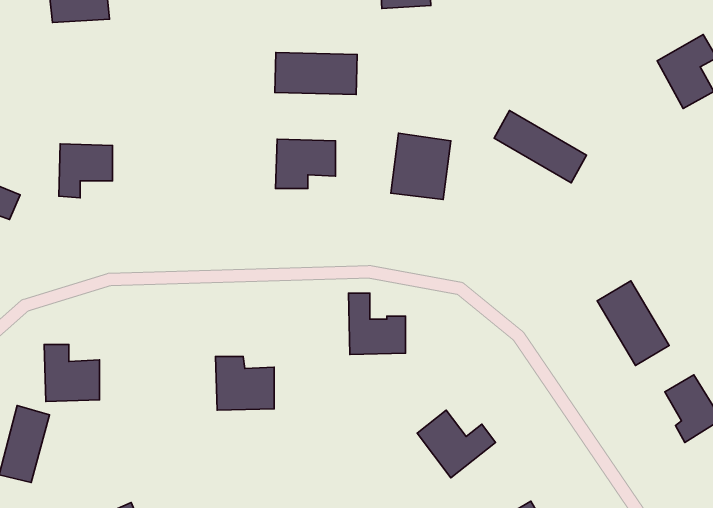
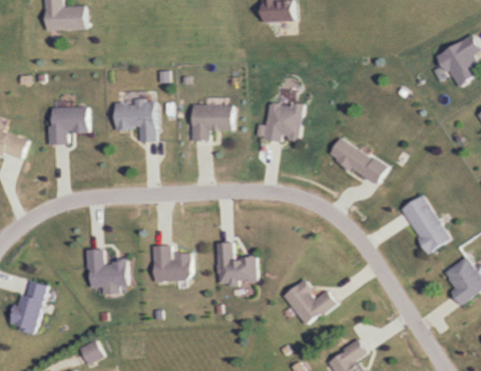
building: [275,52,357,95] -> none
building: [494,110,586,183] -> [331,138,391,186]
building: none -> [114,103,154,138]
building: [348,293,405,355] -> [216,242,254,282]
building: [44,345,100,401] -> [89,249,125,286]

